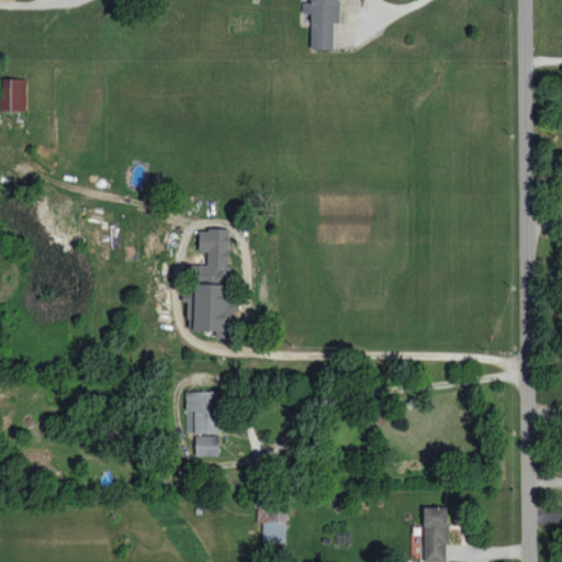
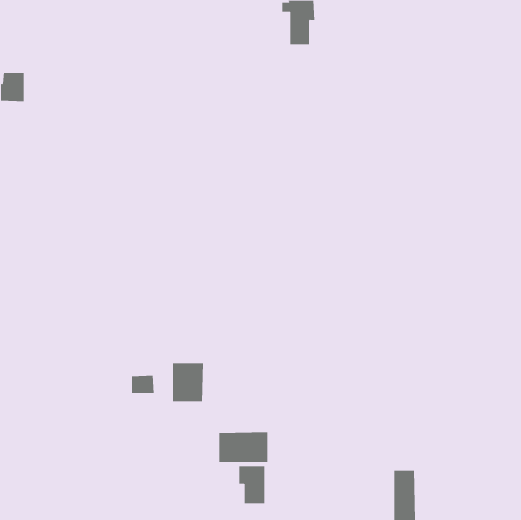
building: [186,228,231,331] -> none
building: [194,436,220,456] -> [131,375,154,394]
building: none -> [219,431,268,463]

